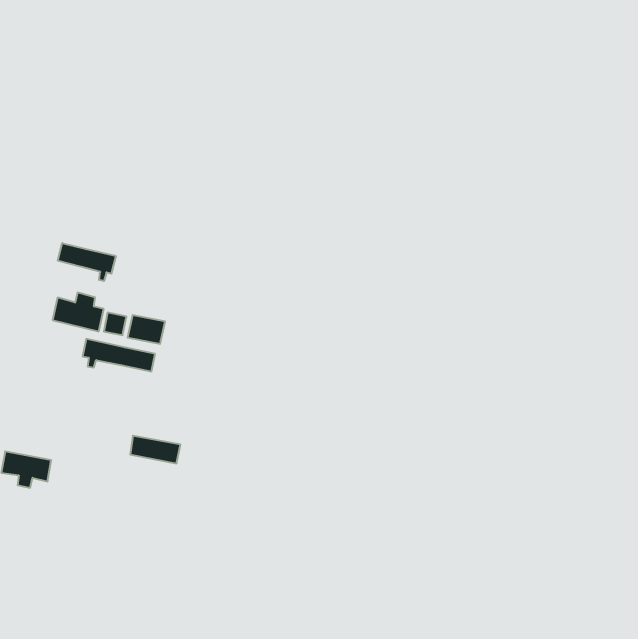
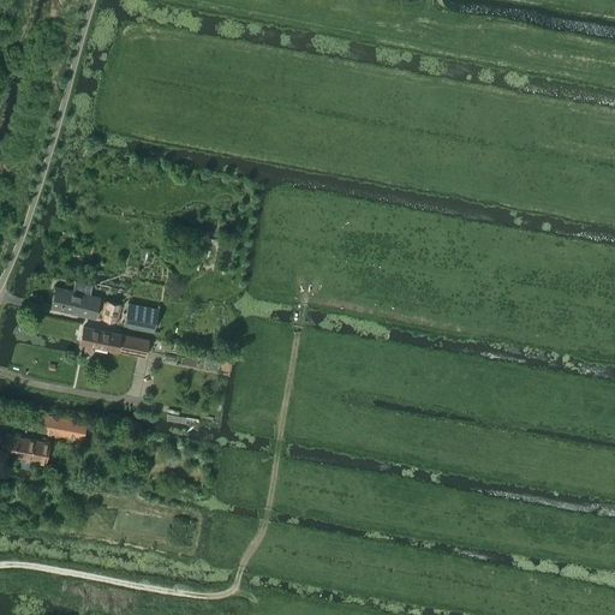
building: [58,243,116,281] -> none
building: [130,436,180,463] -> [40,413,88,440]

